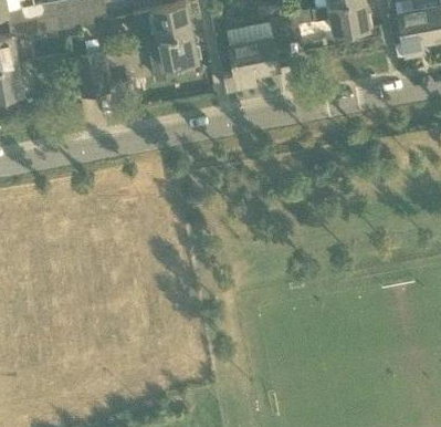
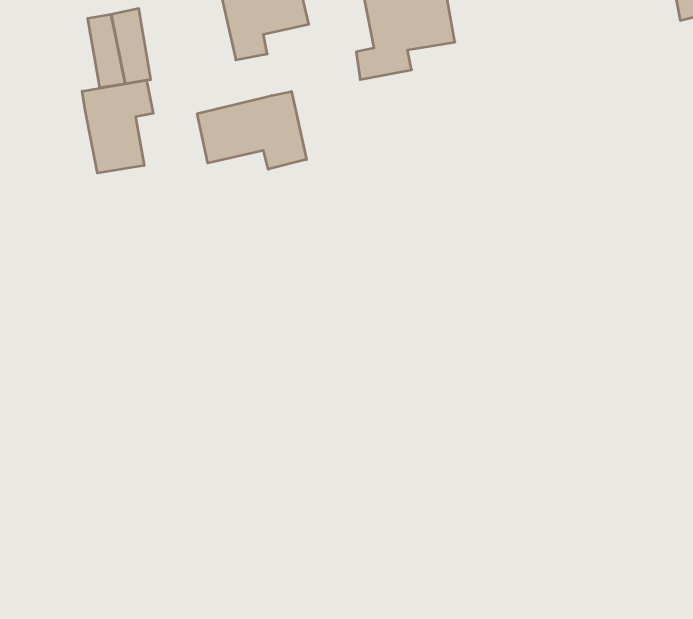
building: none -> [82,80,153,173]
building: none -> [197,91,306,169]

